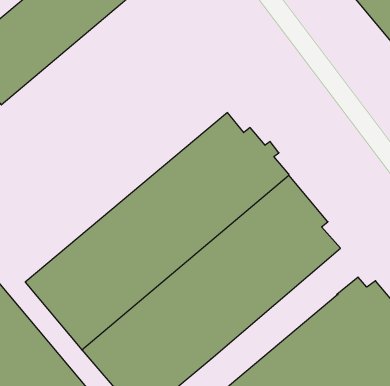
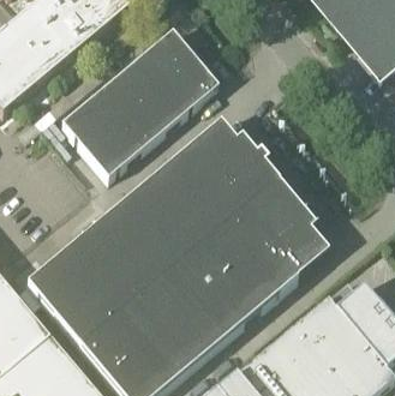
building: none -> [61,35,217,182]

